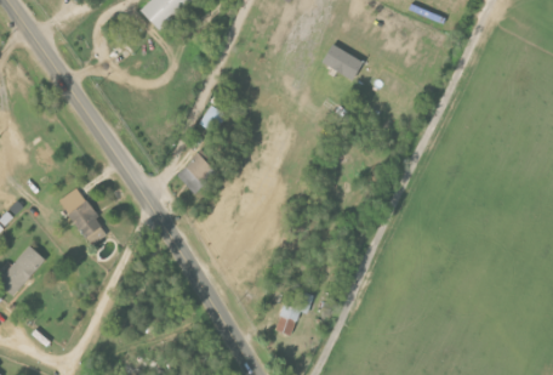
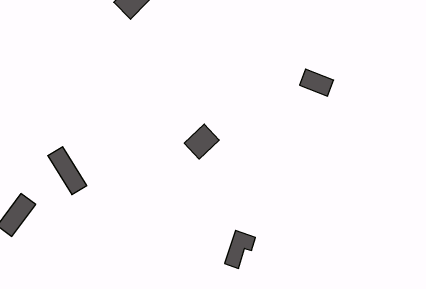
building: [323,46,364,79] -> [300,69,334,96]
building: [176,152,218,194] -> [184,124,219,159]

